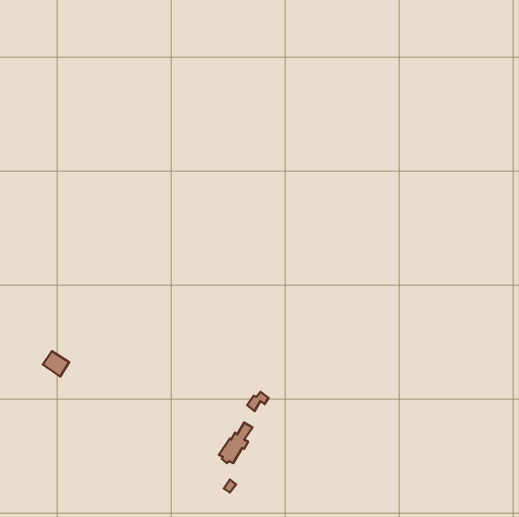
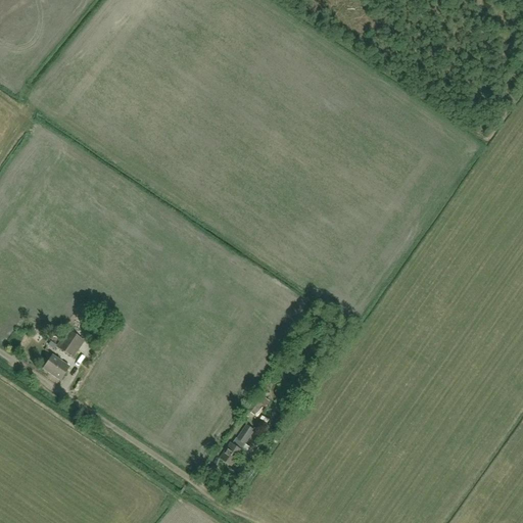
building: none -> [57,328,86,356]

